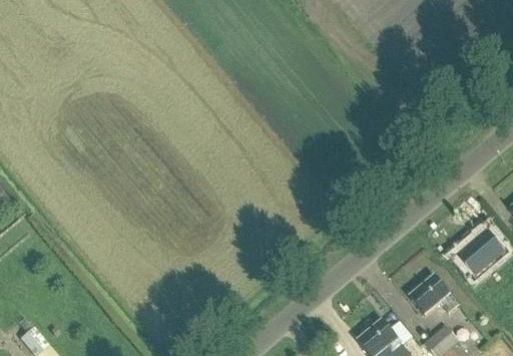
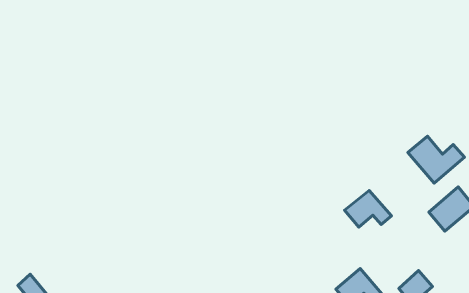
building: none -> [408,136,464,183]
building: [410,277,460,316] -> [345,191,392,227]

